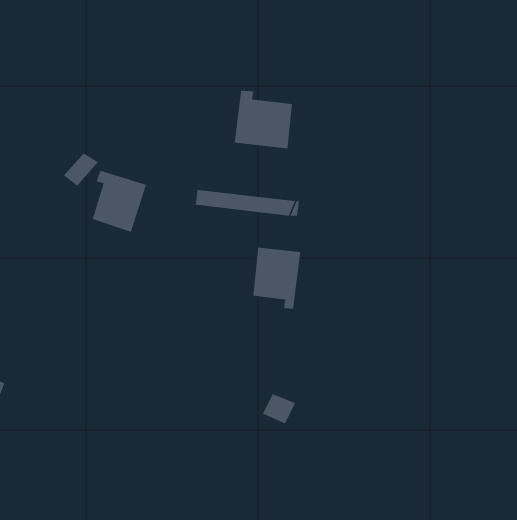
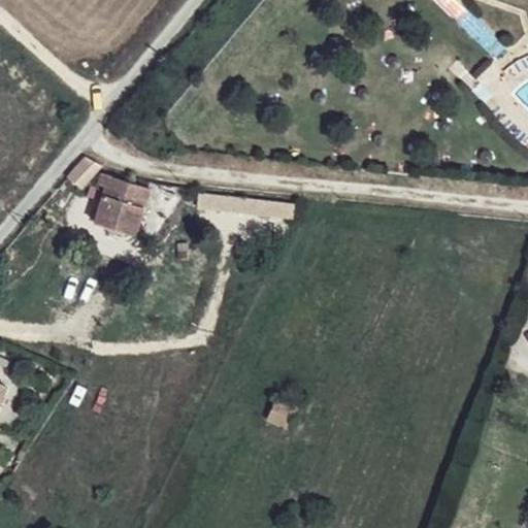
building: [234,90,292,149] -> none
building: [253,247,301,309] -> none

